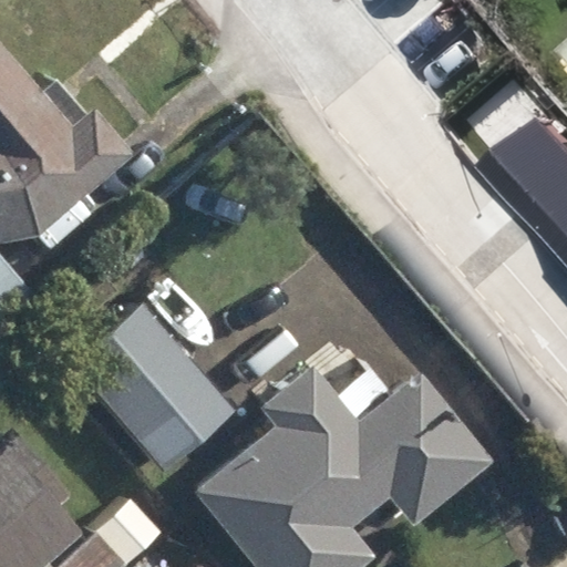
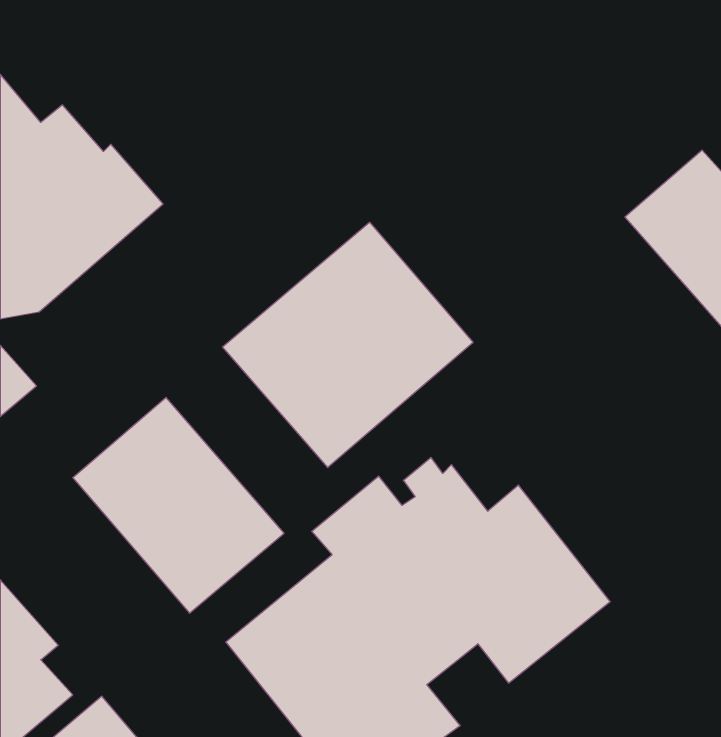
building: none -> [223,222,473,468]

